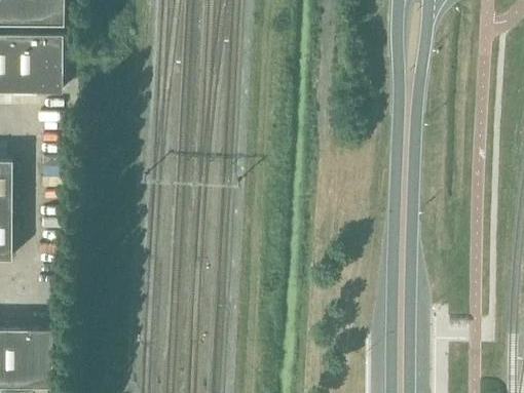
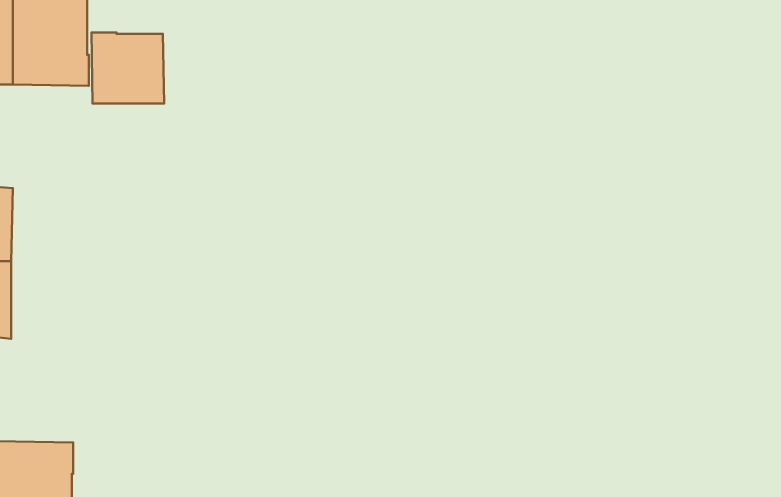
building: none -> [91,33,164,104]

